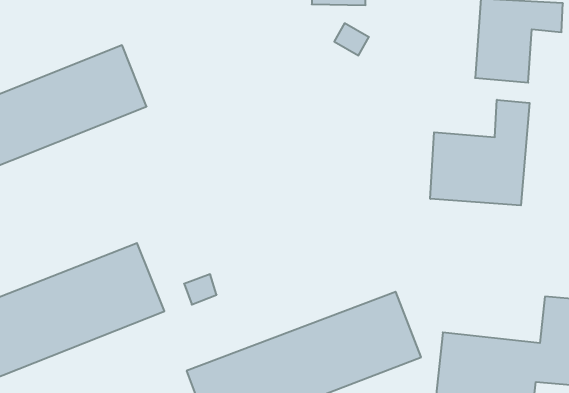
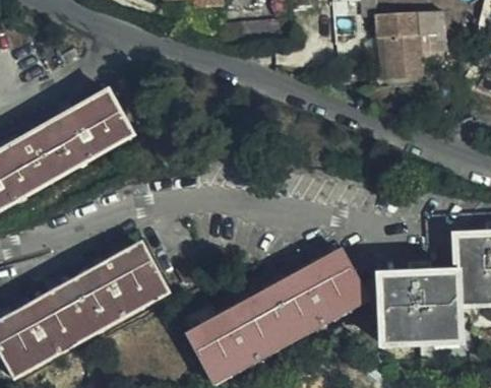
building: [430,100,530,205] -> none

